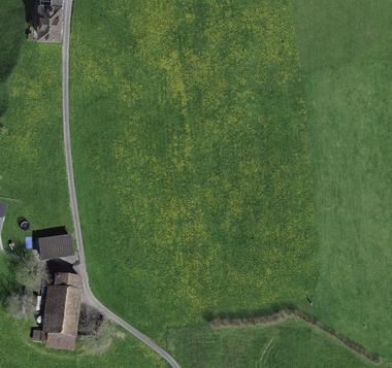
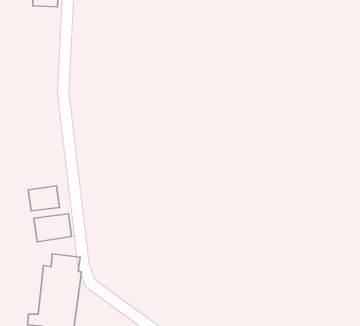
building: none -> [28,186,59,211]

